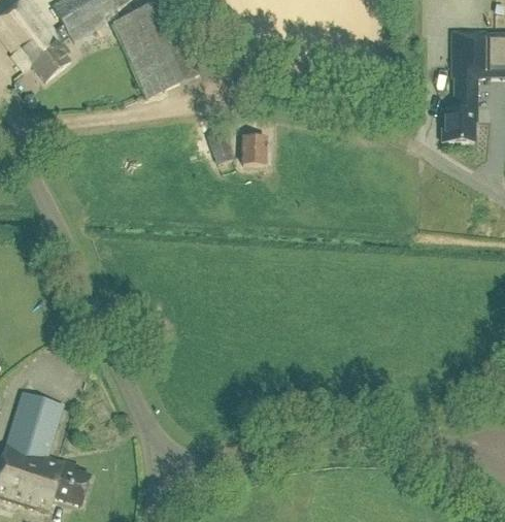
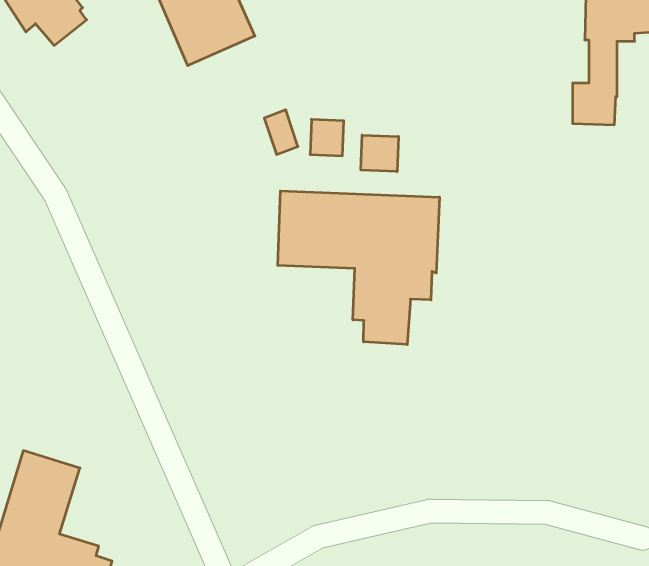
building: none -> [361,135,398,172]
building: none -> [278,191,439,345]

